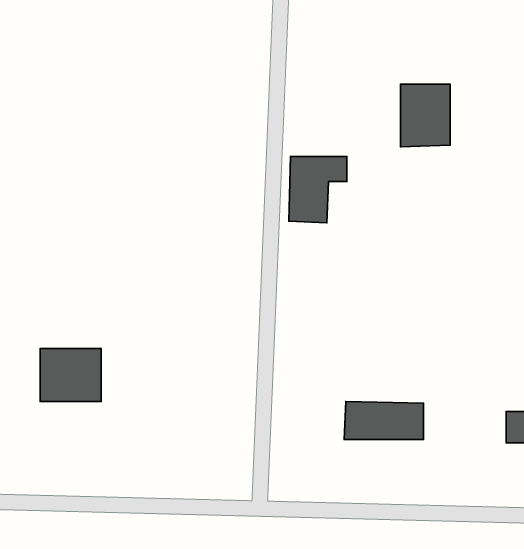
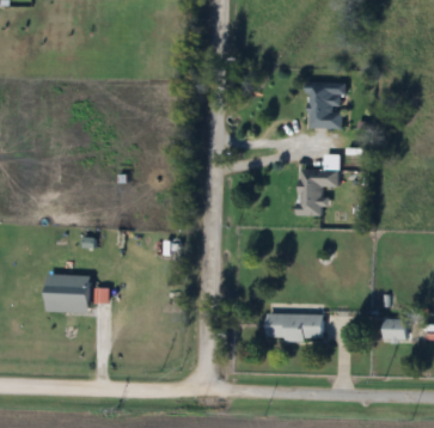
building: [289,157,347,223] -> [297,169,338,216]

